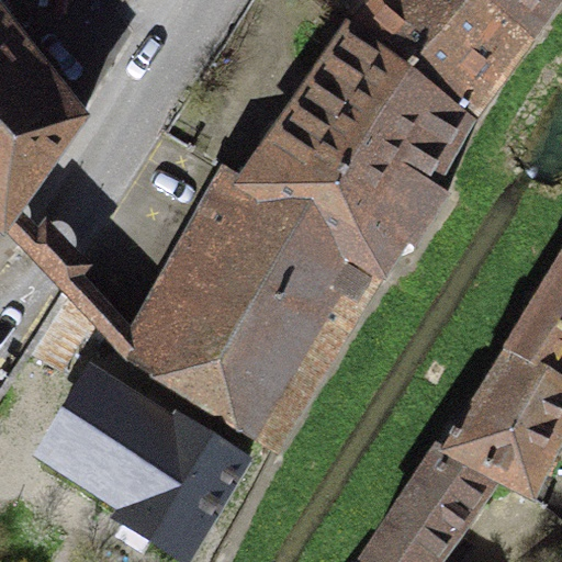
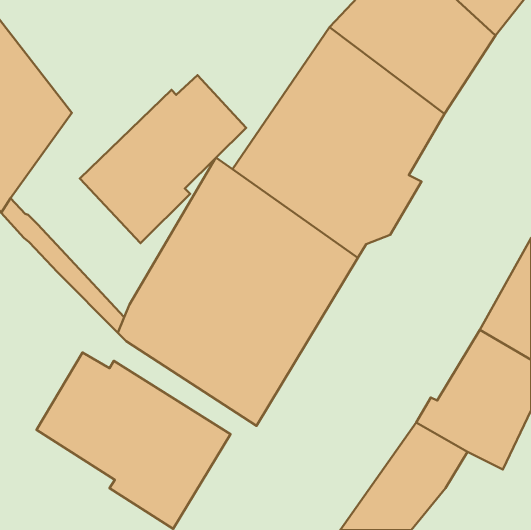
building: none -> [80,75,246,243]

